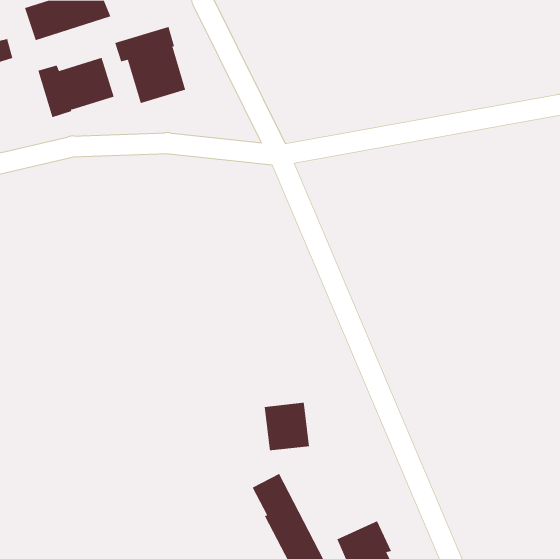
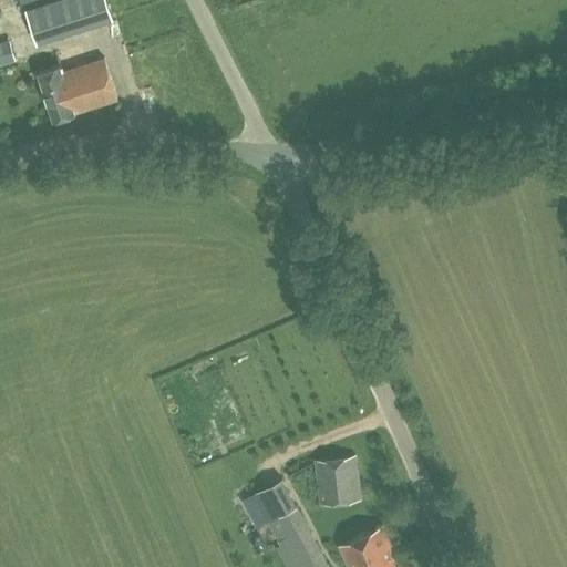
building: [114,26,186,104] -> none
building: [264,402,310,451] -> [313,457,360,506]

